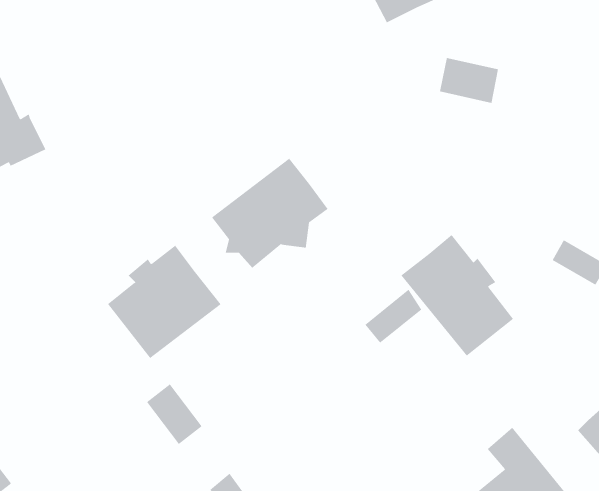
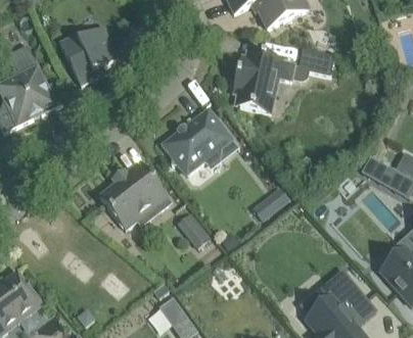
building: none -> [59,27,119,85]
building: none -> [234,52,294,111]
building: [401,234,514,356] -> none
building: [146,384,202,445] -> [177,211,211,248]

